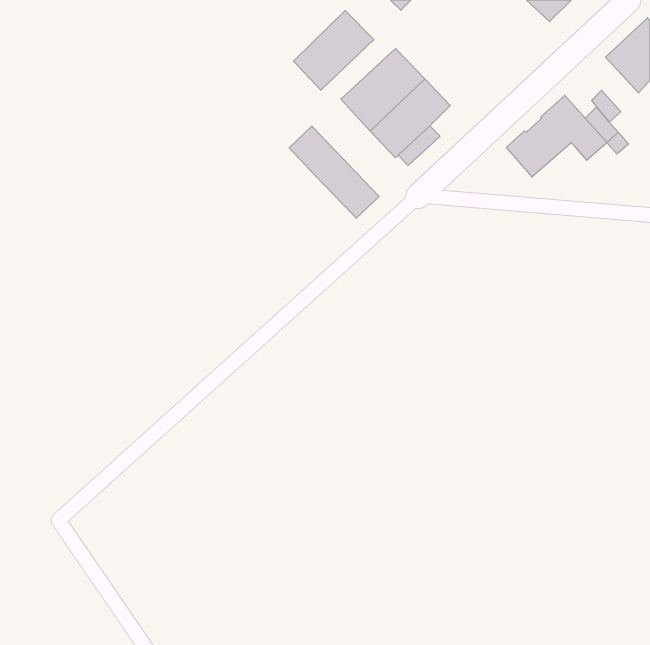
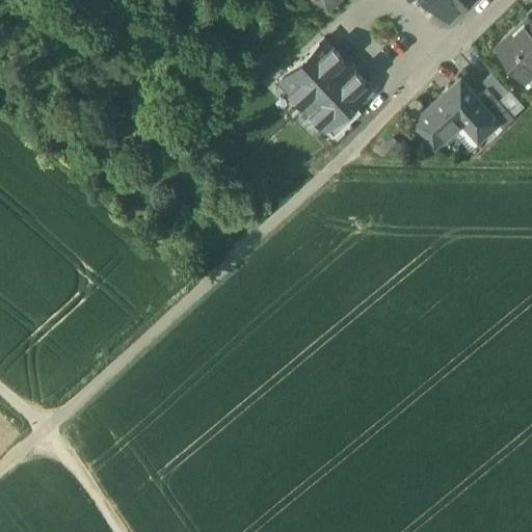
building: [293,11,374,90] -> none
building: [289,126,379,218] -> none

